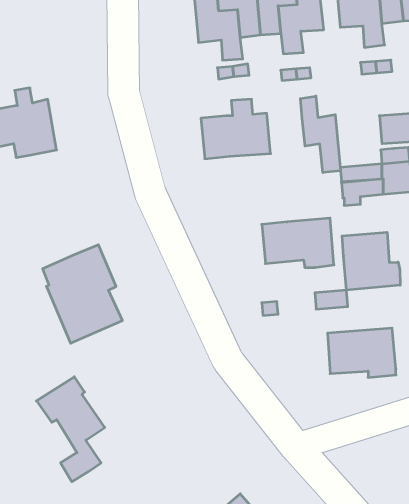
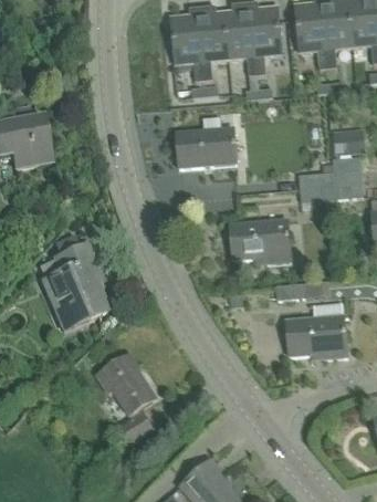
building: [300,96,341,173] -> none
building: [342,232,400,290] -> none
building: [36,377,105,482] -> [97,353,157,445]

